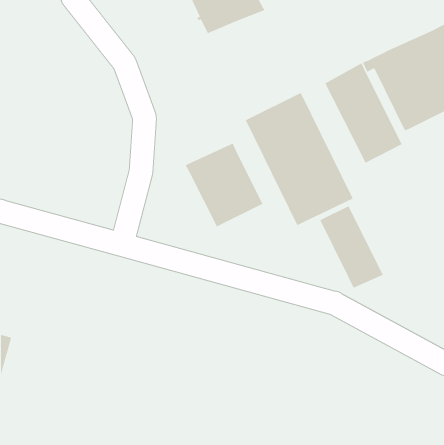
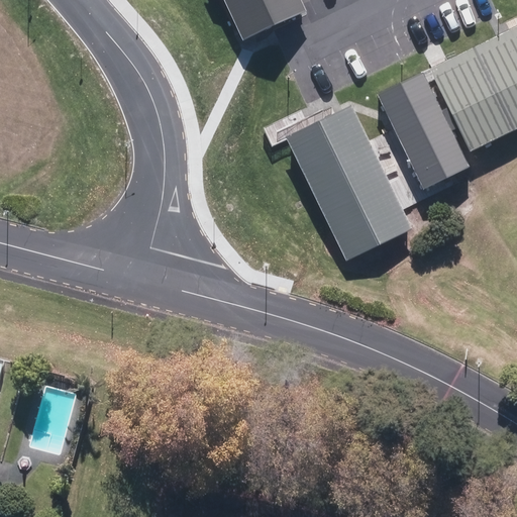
building: [185,142,263,227] -> none
building: [319,205,384,289] -> none

